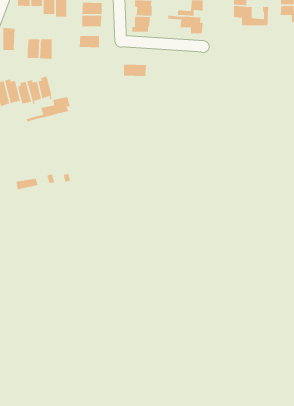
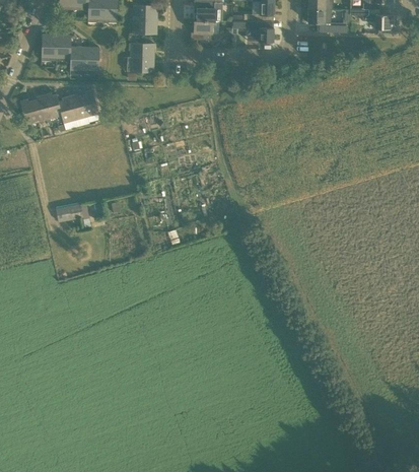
building: none -> [56,33,71,60]
building: [123,64,147,77] -> [127,56,154,71]
building: [26,96,71,122] -> none

